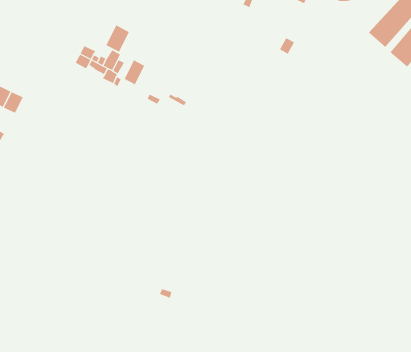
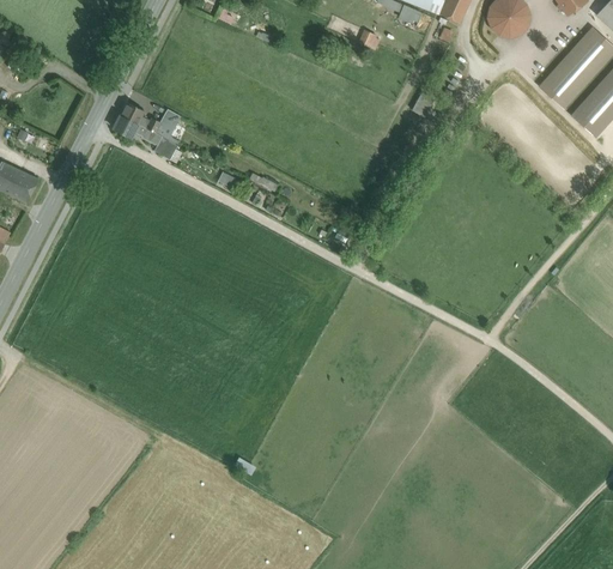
building: [106,24,130,53] -> none
building: [124,60,145,85] -> none

